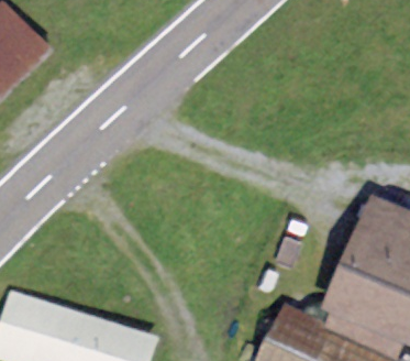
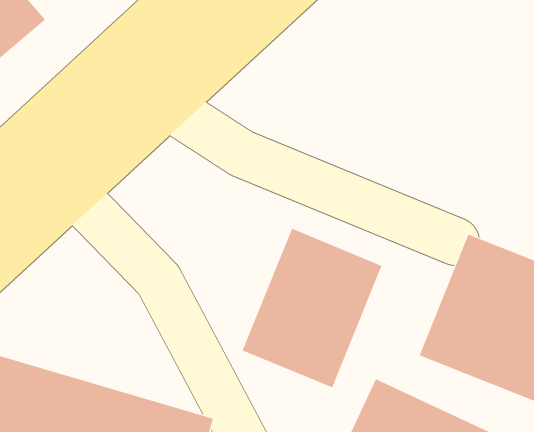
building: none -> [242,228,382,388]

